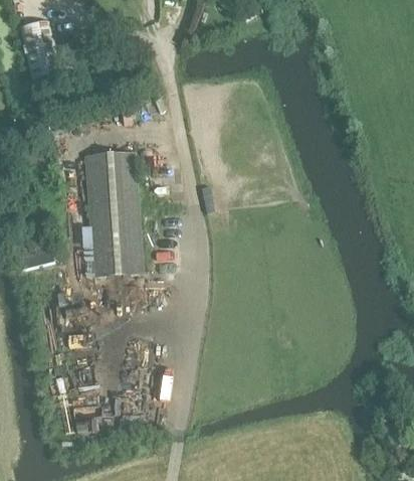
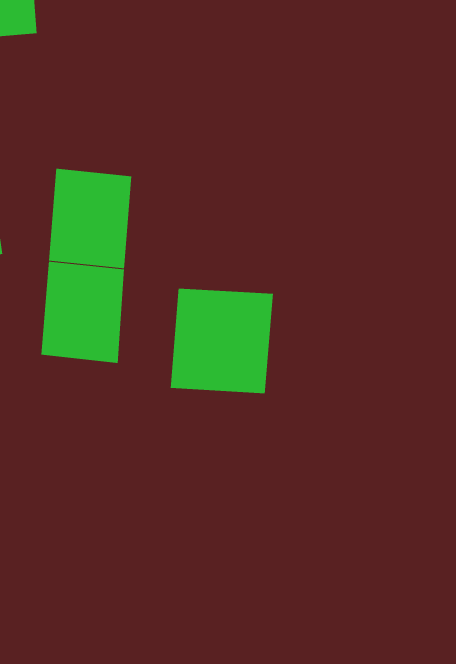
building: none -> [170,288,274,394]

